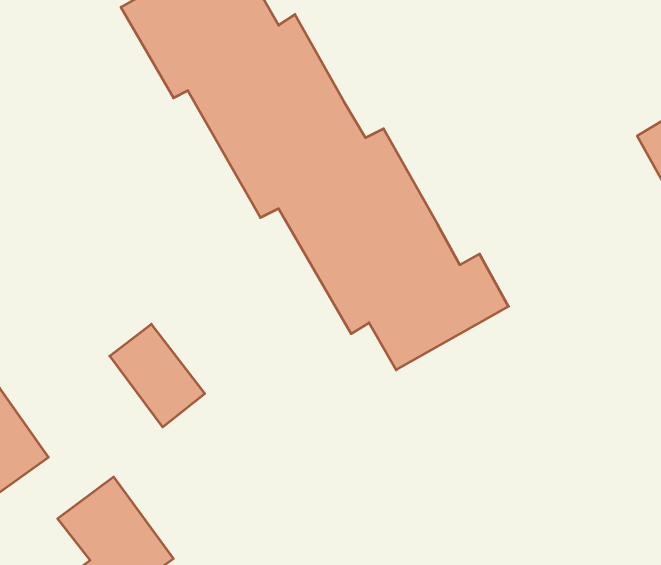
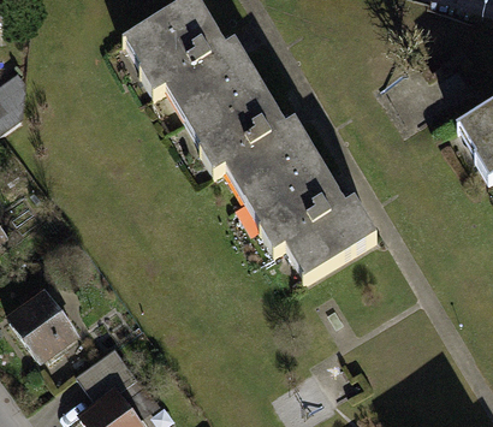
building: [110,324,205,427] -> none

